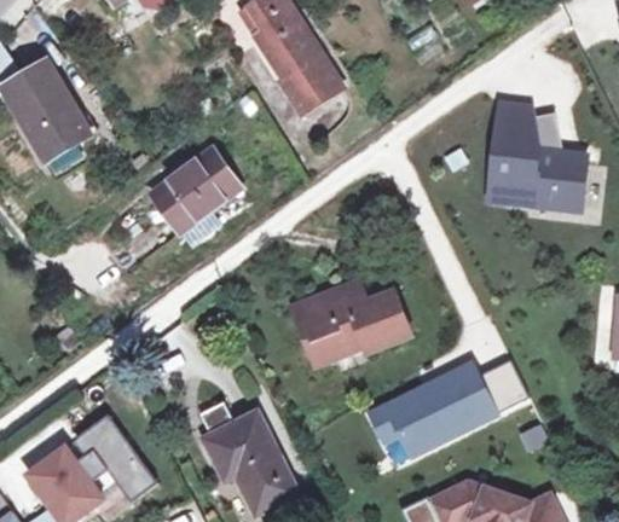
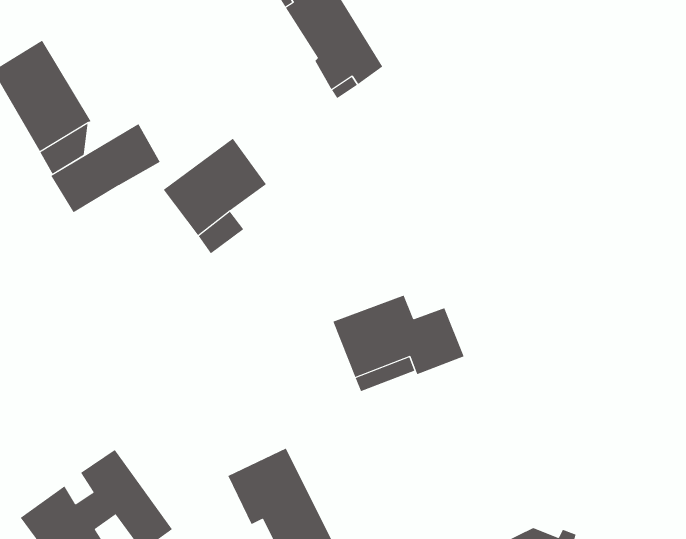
building: [482,104,584,209] -> none
building: none -> [51,123,161,213]
building: [370,365,522,454] -> none

